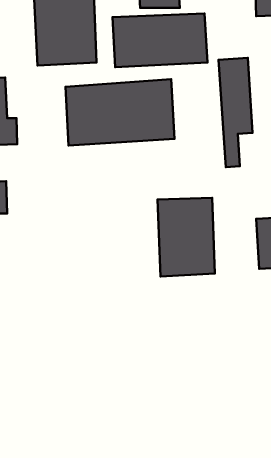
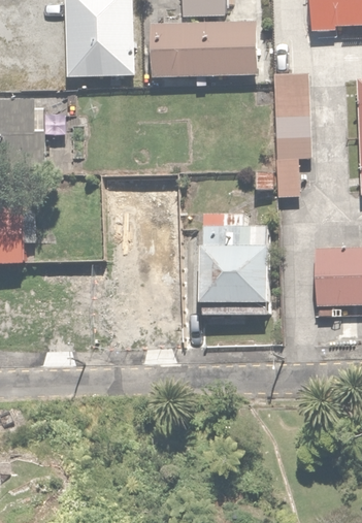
building: [65,79,175,146] -> none

